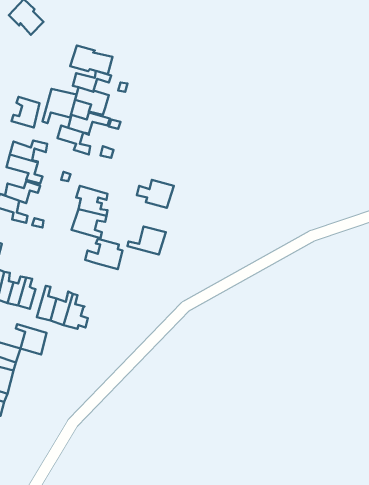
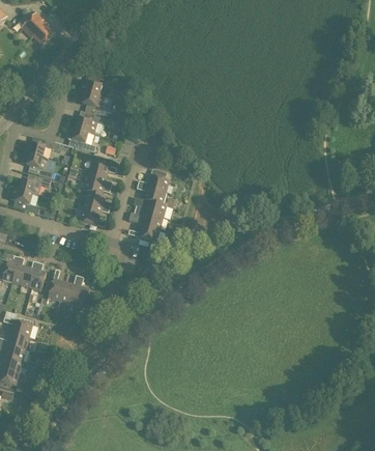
building: [70,45,113,74] -> none
building: [42,89,76,123] -> none
building: [11,97,39,127] -> none
building: none -> [85,160,116,187]
building: [85,239,122,269] -> [133,194,166,221]
building: [16,324,46,355] -> none

